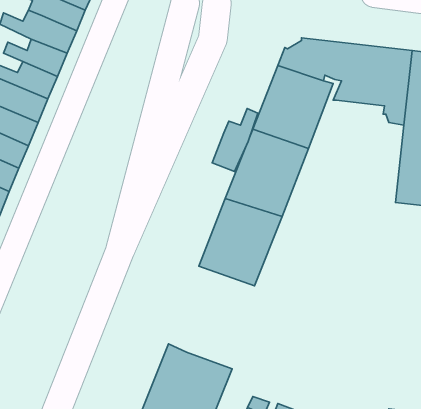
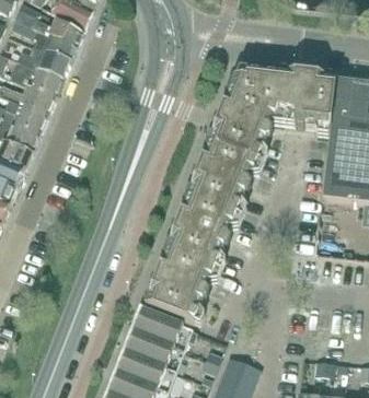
building: [212,109,258,171] -> none
building: none -> [142,247,210,320]

